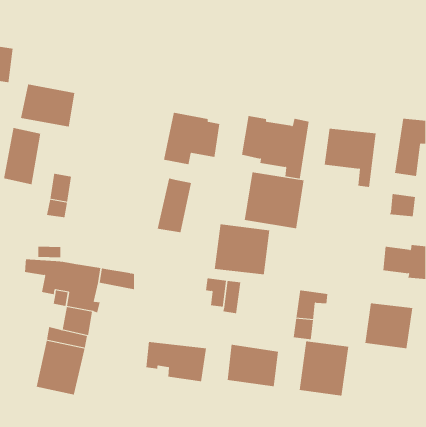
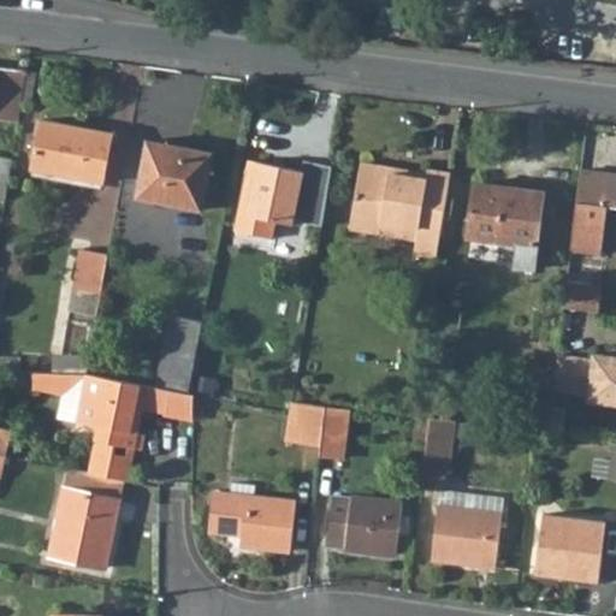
building: none -> [142,143,211,207]
building: [4,127,41,185] -> none
building: [244,171,304,229] -> none
building: [157,178,192,233] -> [153,314,203,393]
building: [214,223,270,275] -> none
building: [364,303,413,349] -> [533,517,603,584]

